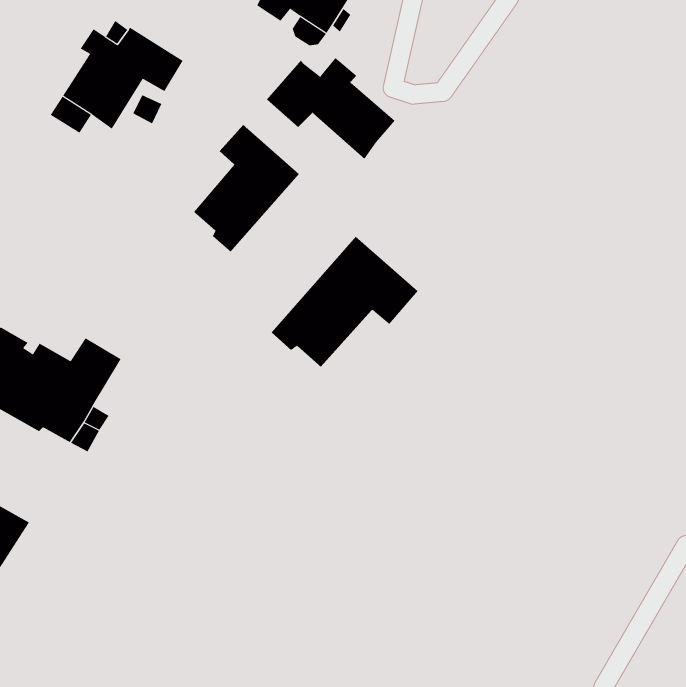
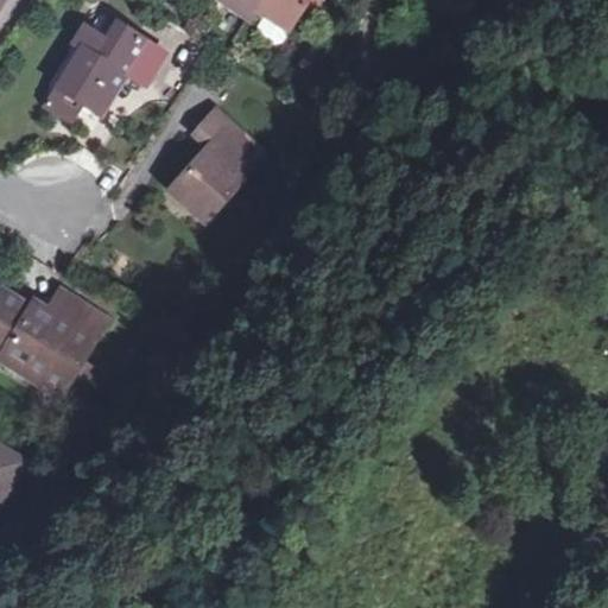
building: [266,57,396,159] -> none
building: [271,236,418,368] -> none

